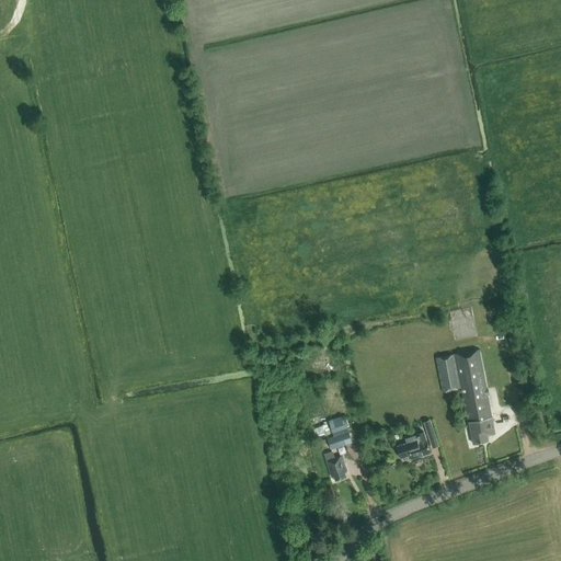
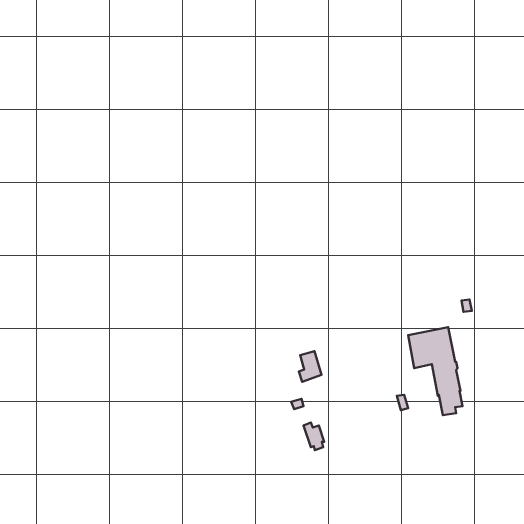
building: [328,416,352,449] -> [299,351,322,382]
building: [397,432,431,458] -> none

